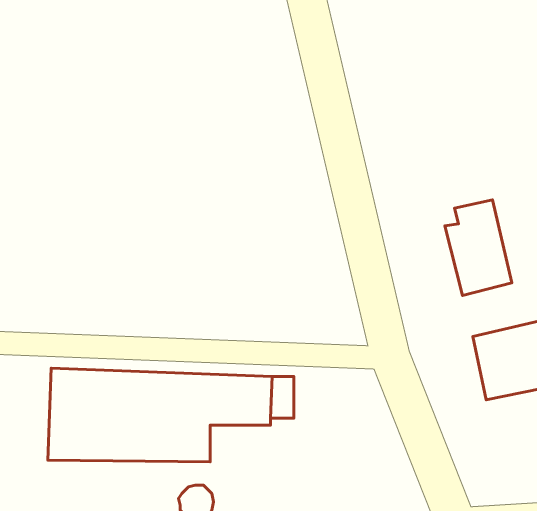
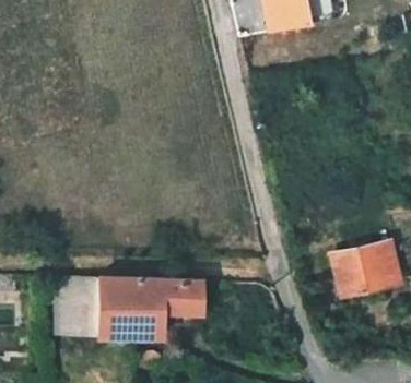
building: [445,200,512,295] -> none

